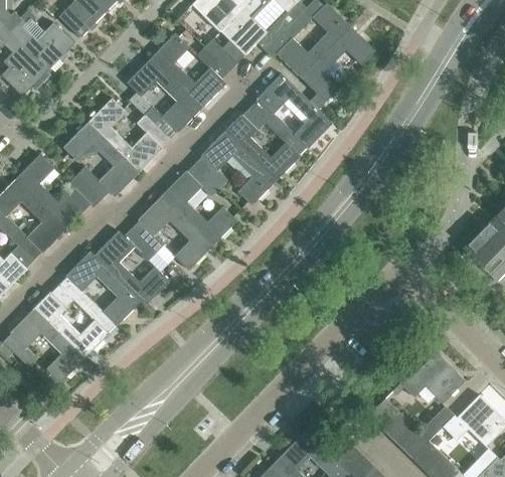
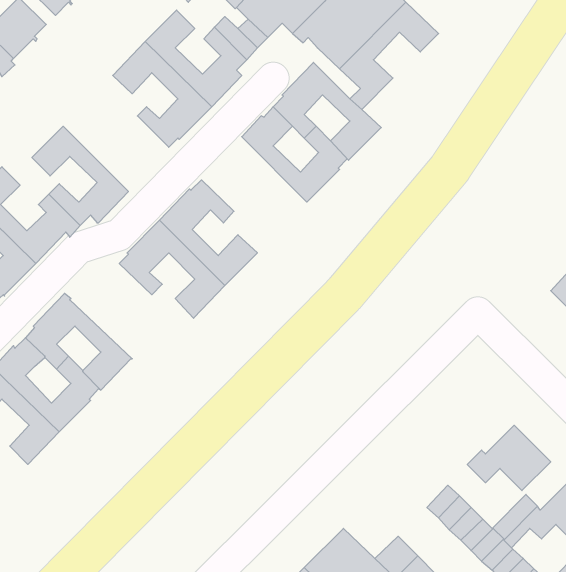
building: [88,98,169,173] -> none
building: [194,131,276,205] -> none
building: [93,228,169,306] -> none

